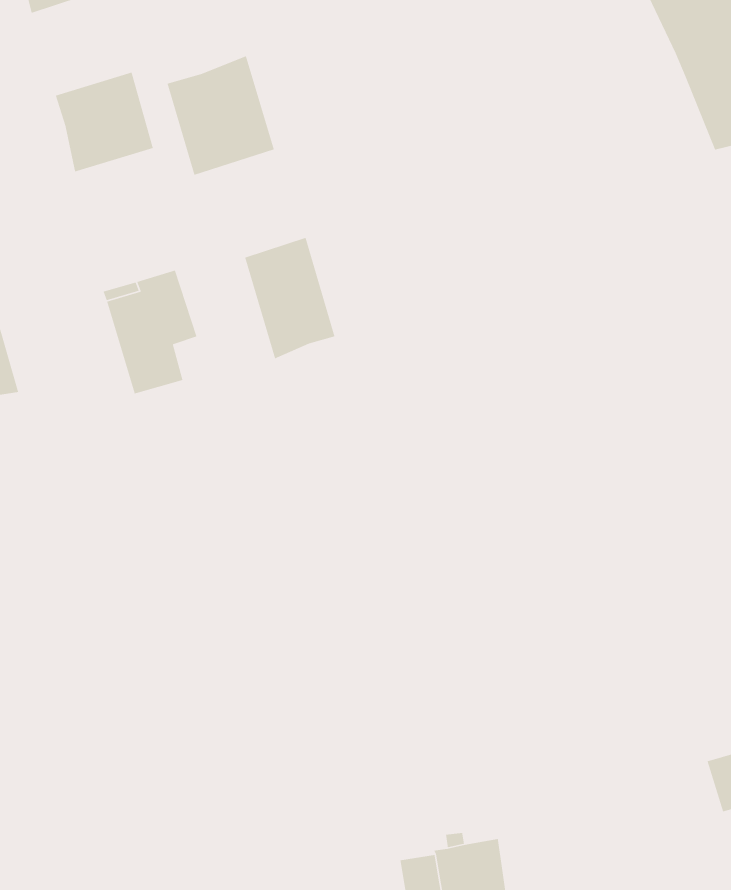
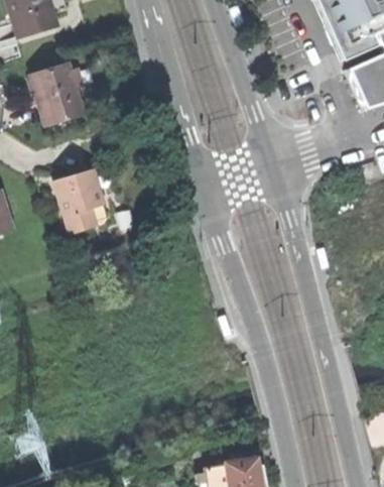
building: [167,55,275,176] -> none
building: [244,237,336,359] -> none

